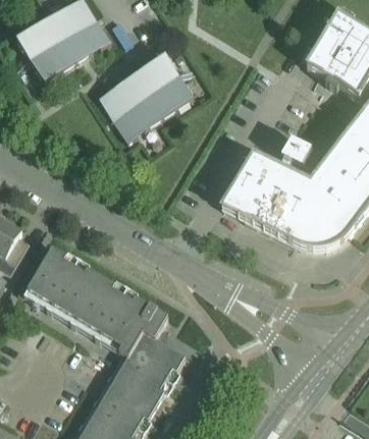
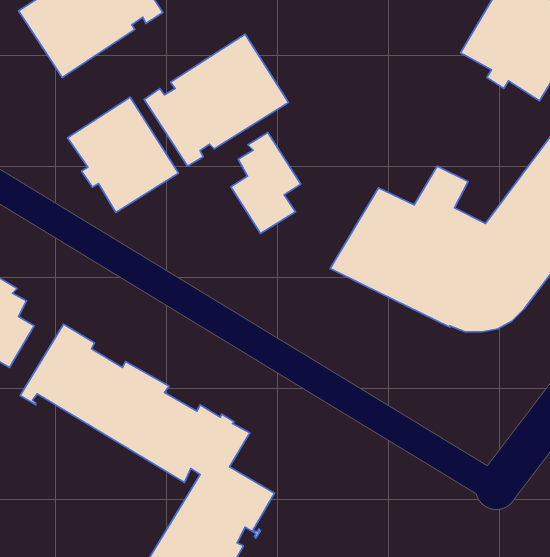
building: none -> [68,97,179,213]
building: none -> [231,132,301,233]

